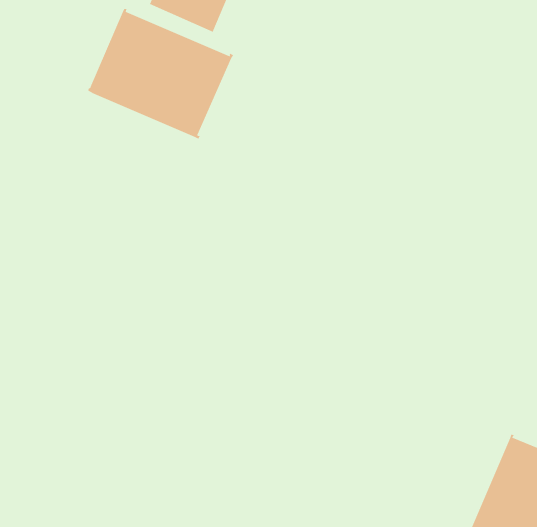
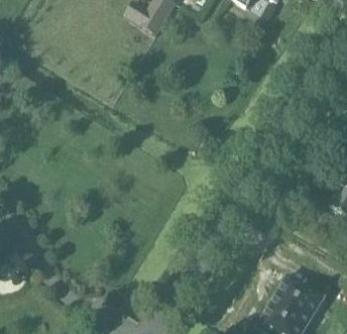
building: [88,8,234,140] -> none

